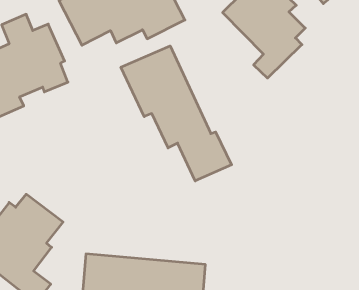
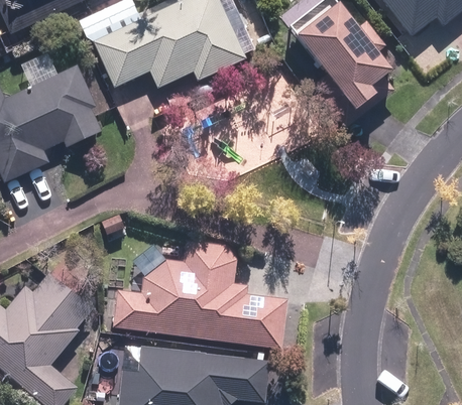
building: [121,46,232,181] -> none
building: none -> [115,242,284,336]

